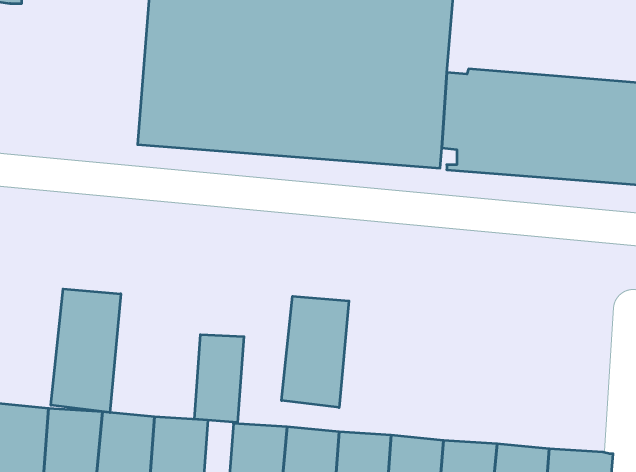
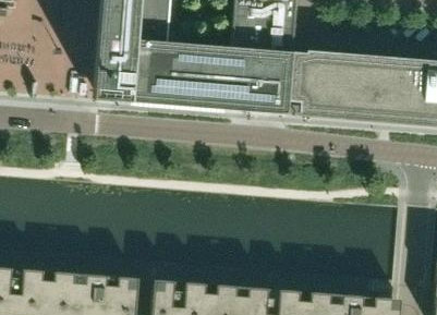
building: [51,289,121,413] -> none
building: [282,296,349,408] -> none
building: [194,335,244,423] -> none

